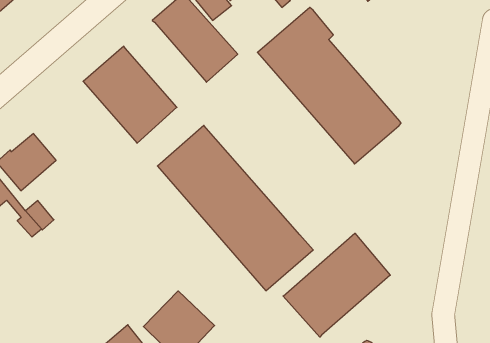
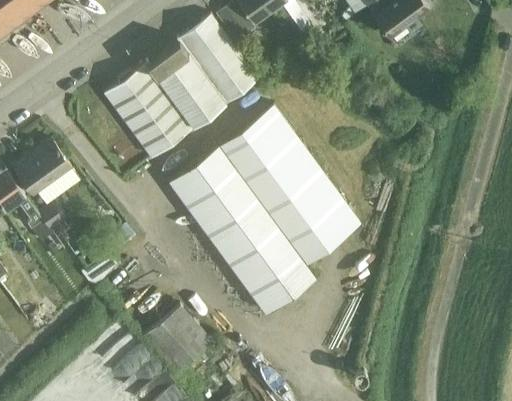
building: [257,7,401,164] -> [220,107,355,264]
building: none -> [149,42,226,127]
building: [283,233,390,337] -> none

